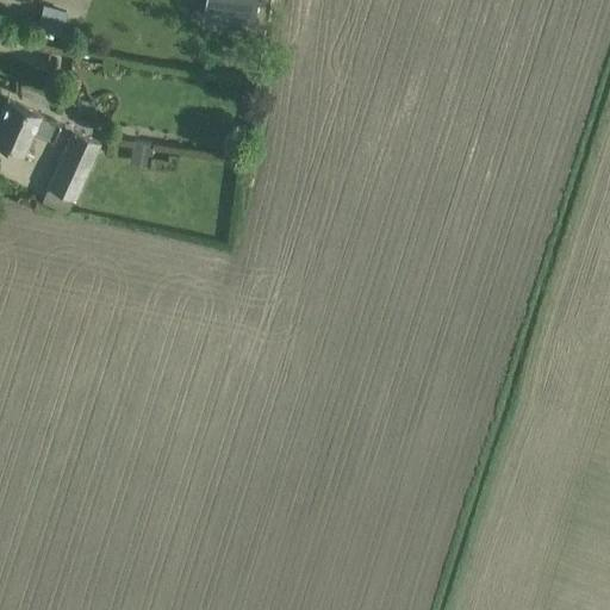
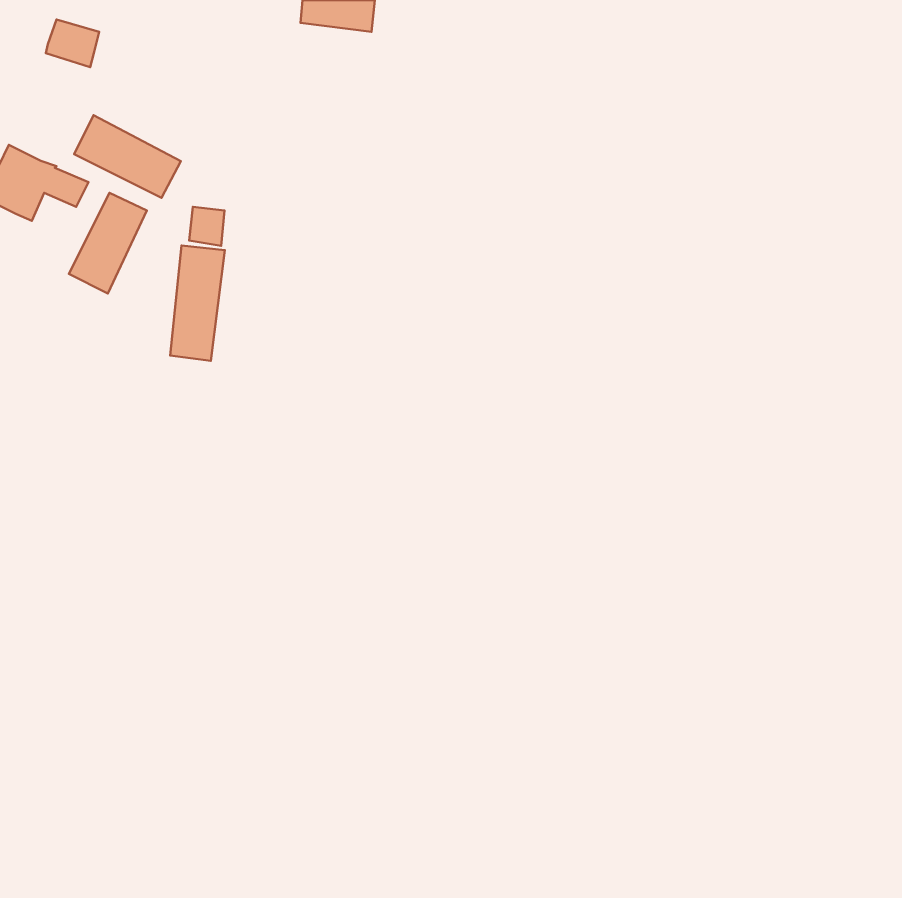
building: none -> [74,115,181,198]
building: none -> [170,246,225,361]

